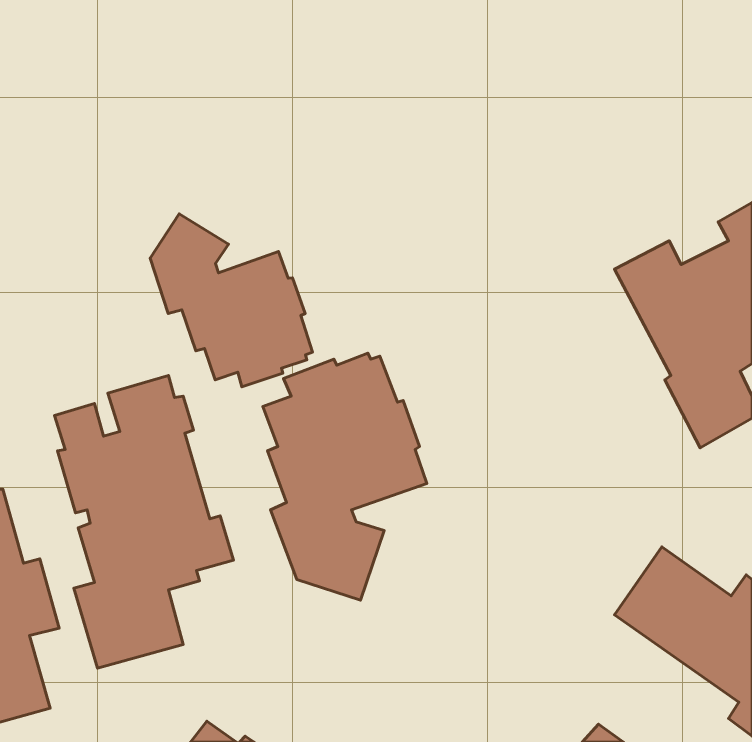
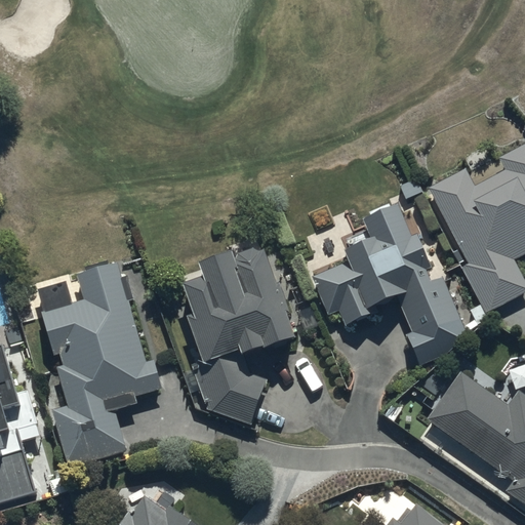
building: [150,214,313,387] -> none
building: none -> [311,208,468,365]

